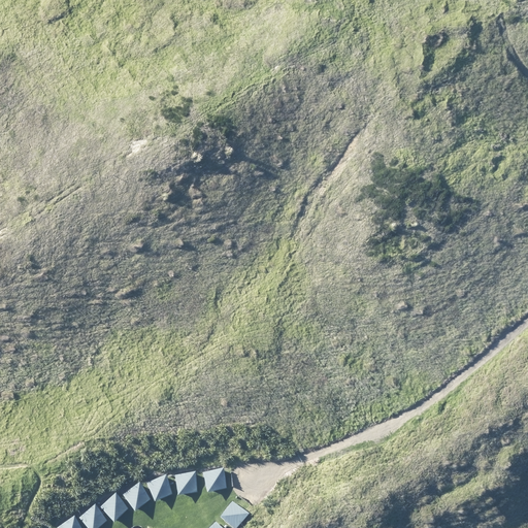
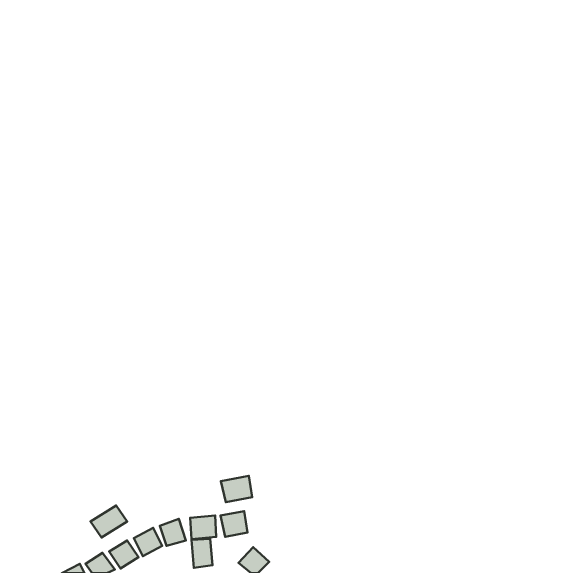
building: none -> [221,476,252,502]
building: none -> [90,506,127,537]
building: none -> [191,539,212,568]

